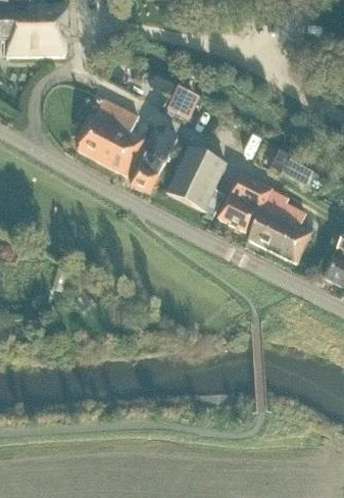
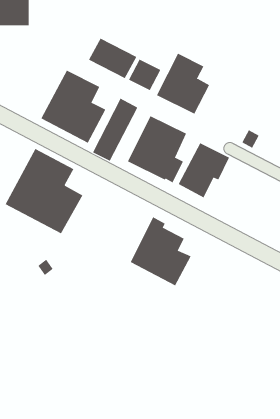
building: none -> [156,53,210,114]
building: none -> [5,148,83,234]
building: [248,190,311,261] -> [130,216,192,286]

